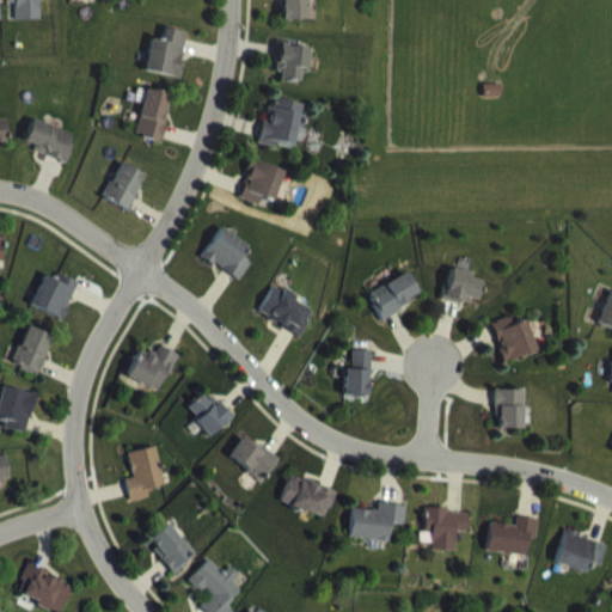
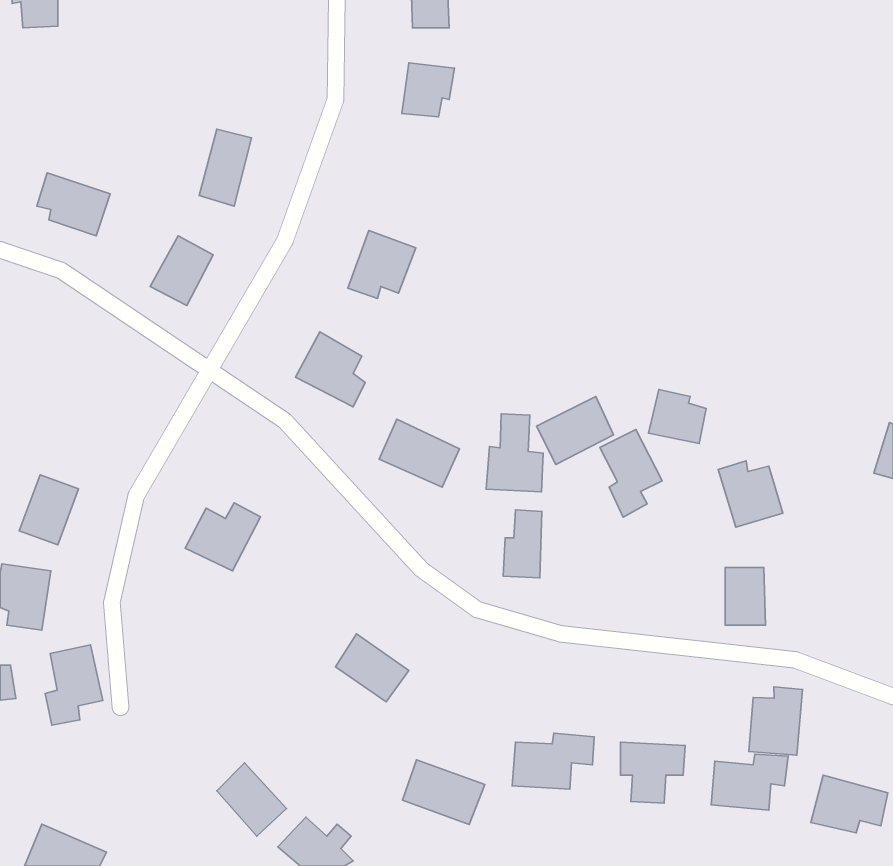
building: [145,26,186,76] -> none
building: [261,96,307,148] -> none
building: [31,273,79,318] -> none
building: none -> [486,414,543,492]
building: none -> [600,430,662,517]
building: [188,390,231,436] -> none
building: [126,446,165,501] -> [45,645,103,725]
building: none -> [749,687,802,755]
building: [282,473,338,518] -> [403,760,485,825]

